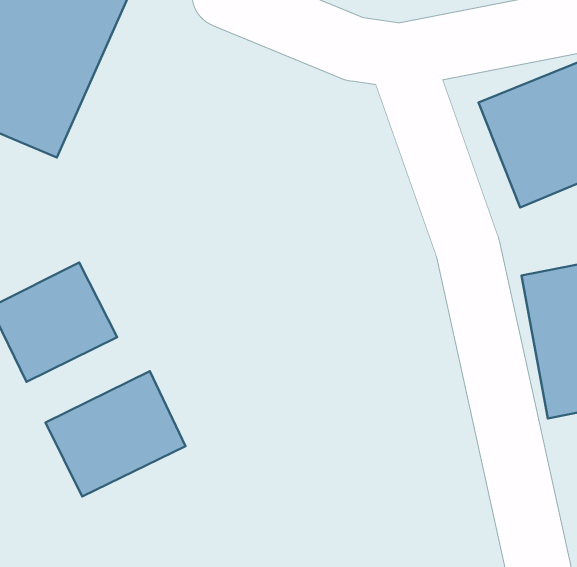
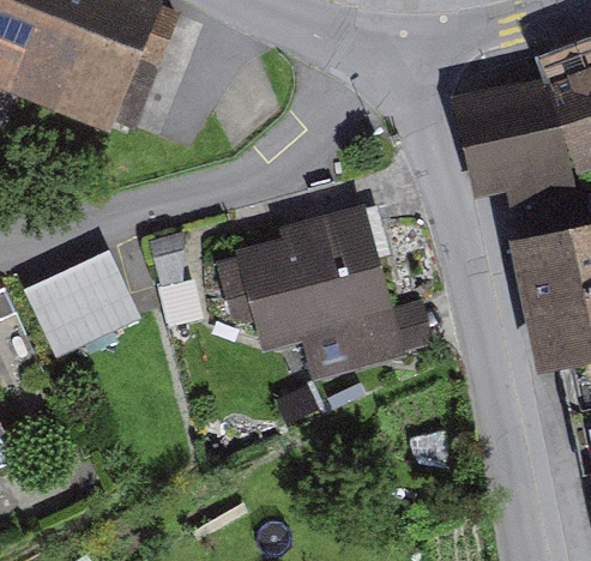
building: none -> [224,206,406,376]
building: [45,371,186,497] -> none

